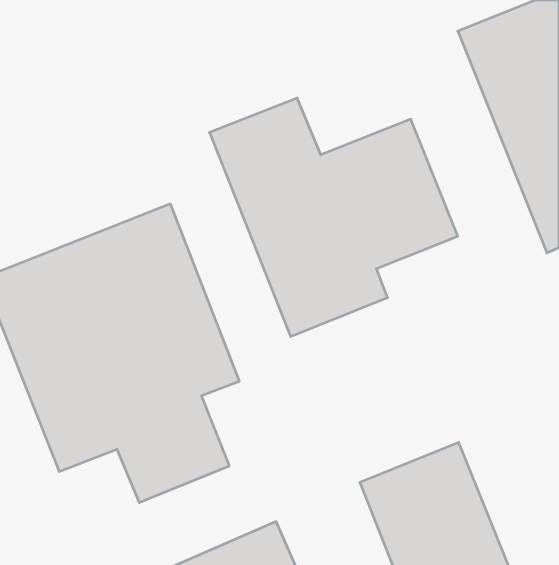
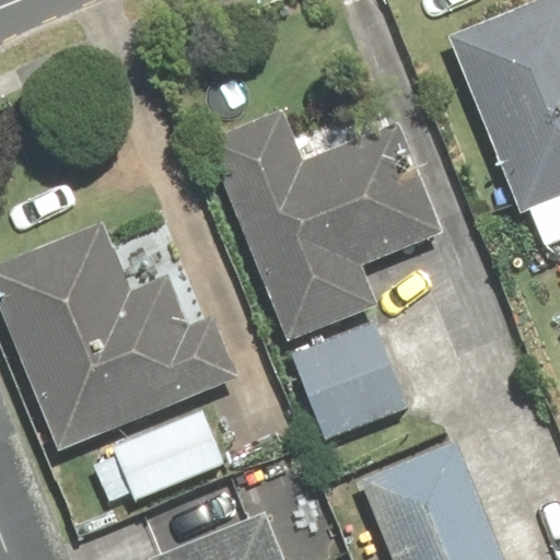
building: none -> [285,318,408,439]

